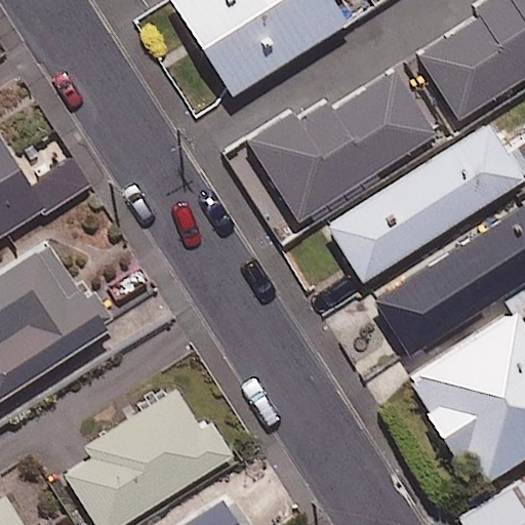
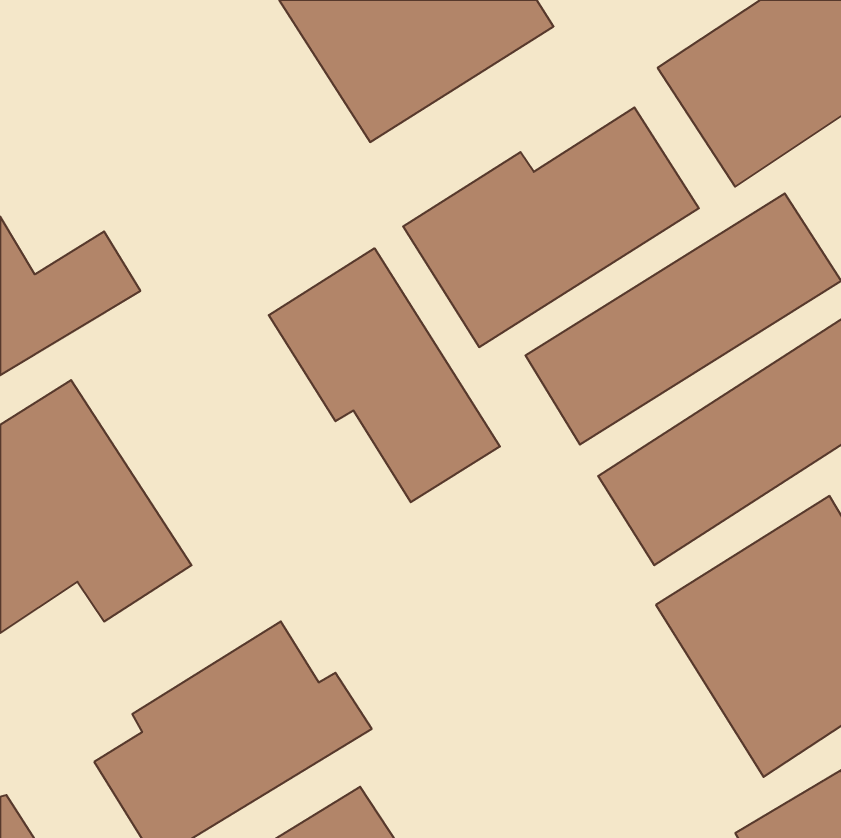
building: none -> [269,248,500,502]

